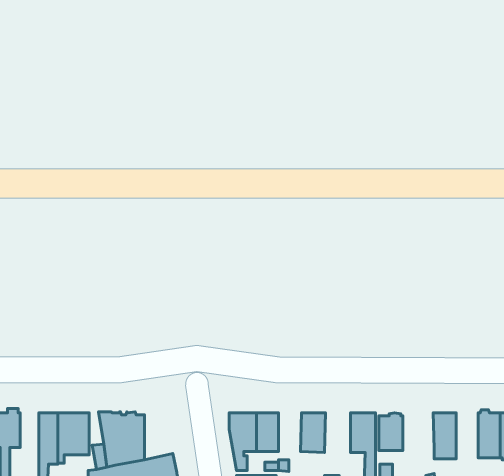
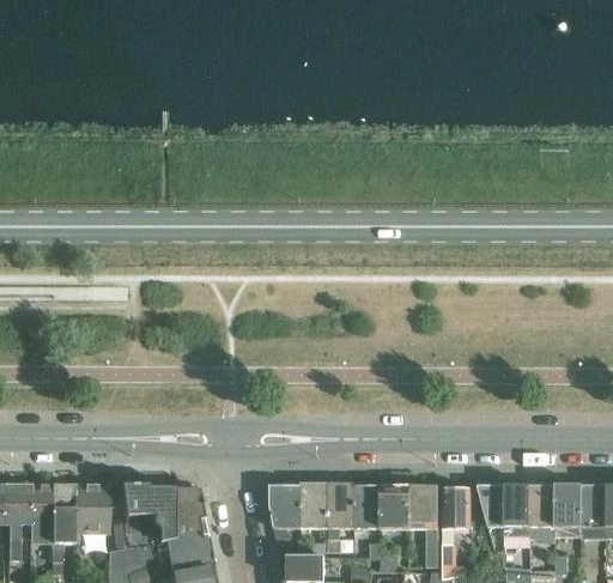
building: none -> [478,482,505,526]
building: none -> [31,485,53,542]
building: none -> [327,485,353,529]
building: none -> [380,485,409,530]
building: none -> [530,485,556,538]
building: none -> [174,488,206,539]

